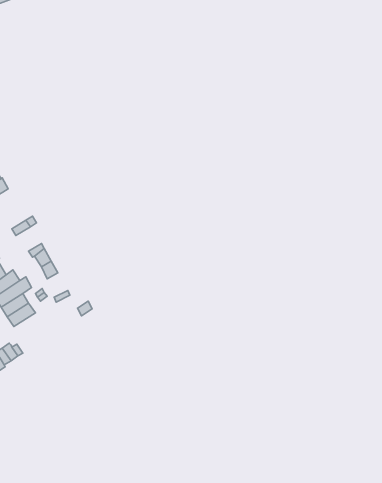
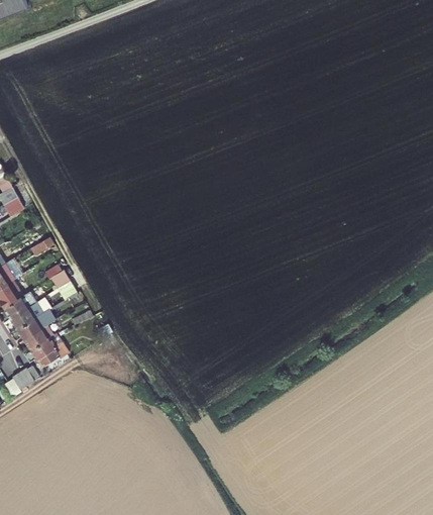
building: none -> [30,333,67,367]

